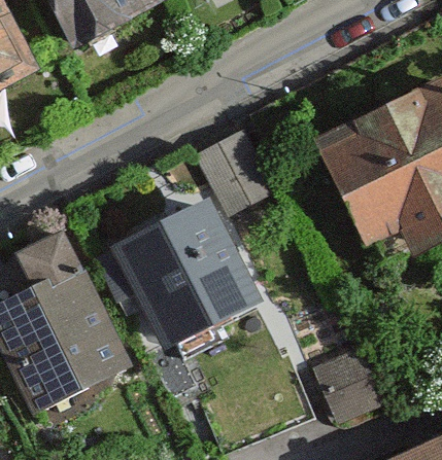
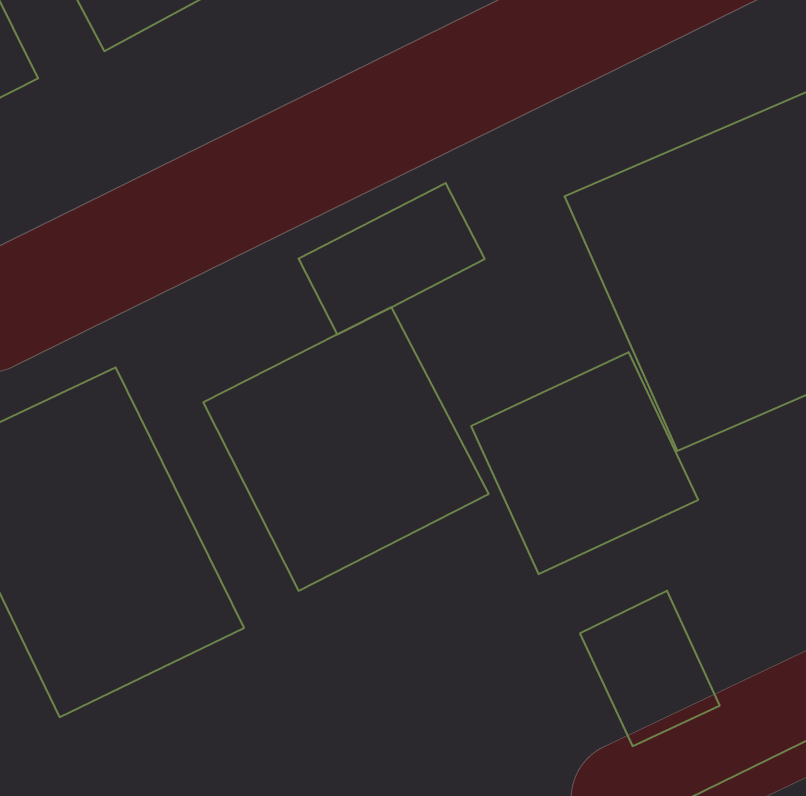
building: none -> [471,352,698,574]

